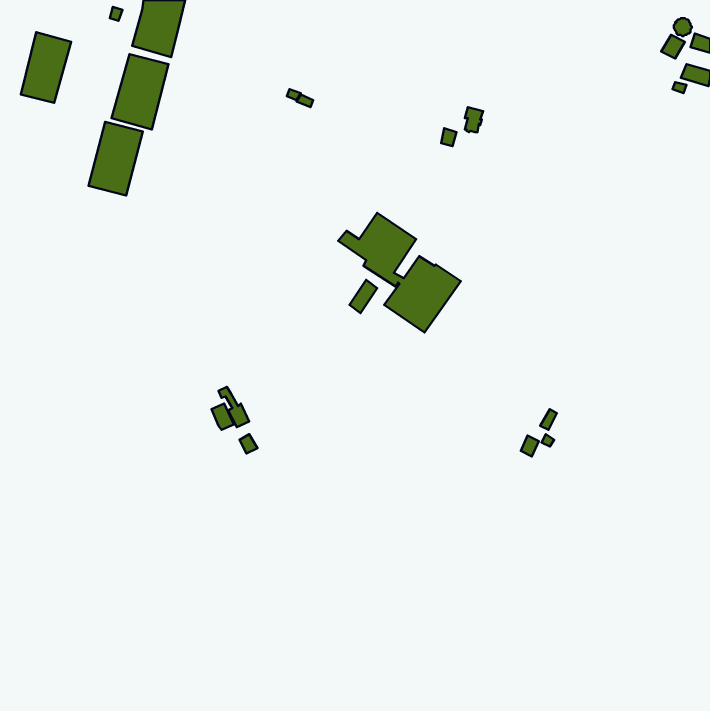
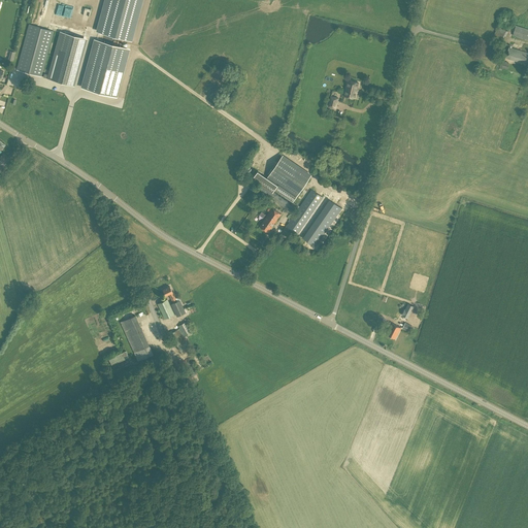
building: [89,122,143,196] -> [45,31,86,86]
building: none -> [120,316,152,361]

